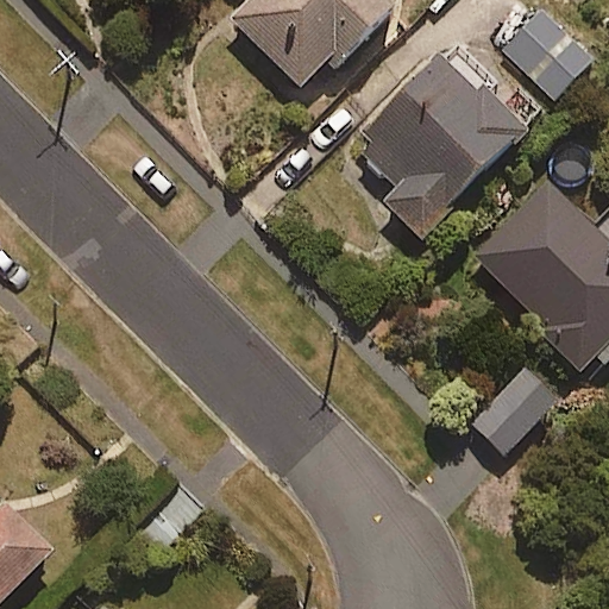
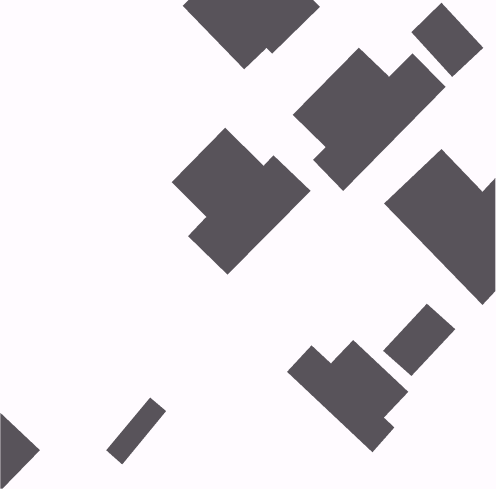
building: none -> [171,127,311,276]
building: none -> [286,339,409,453]

